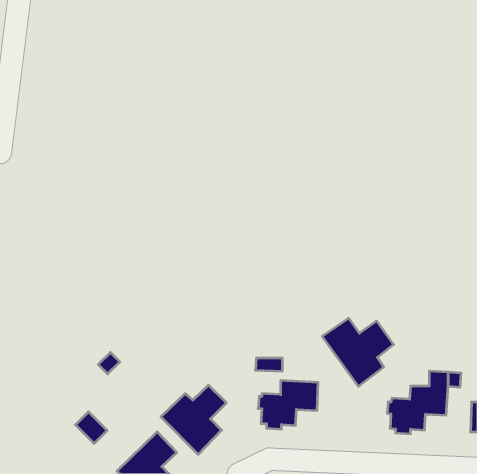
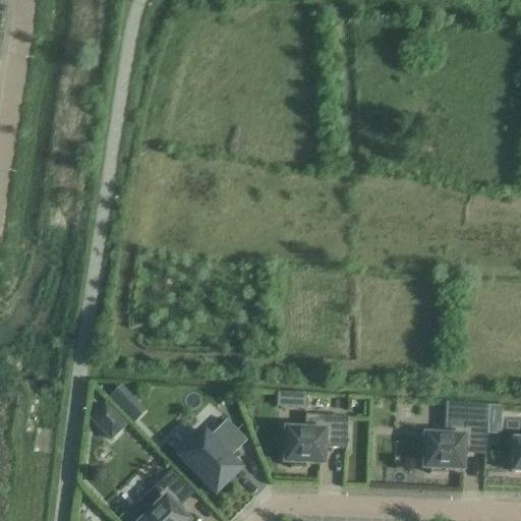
building: [322,318,394,386] -> none
building: [75,412,107,443] -> [92,403,126,438]

